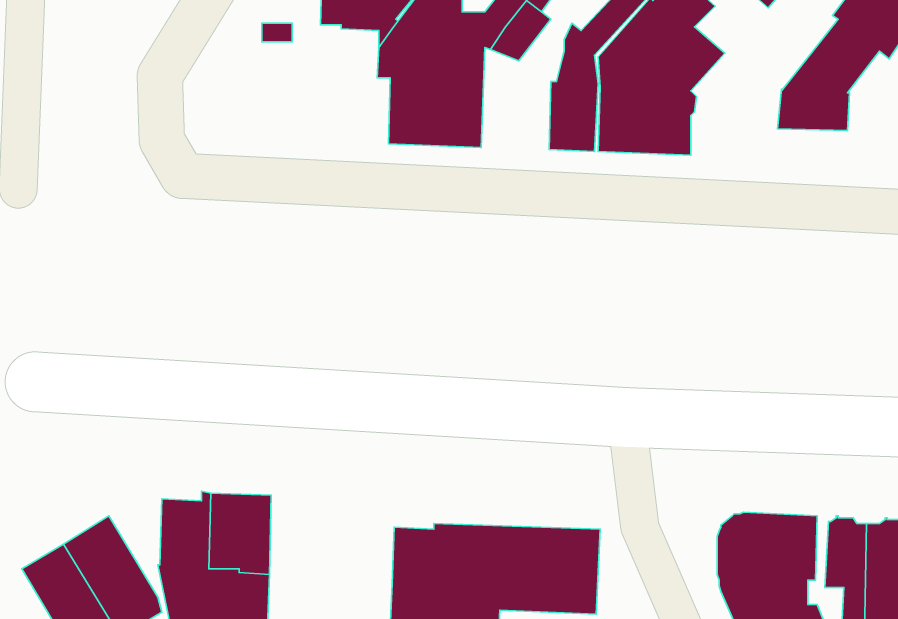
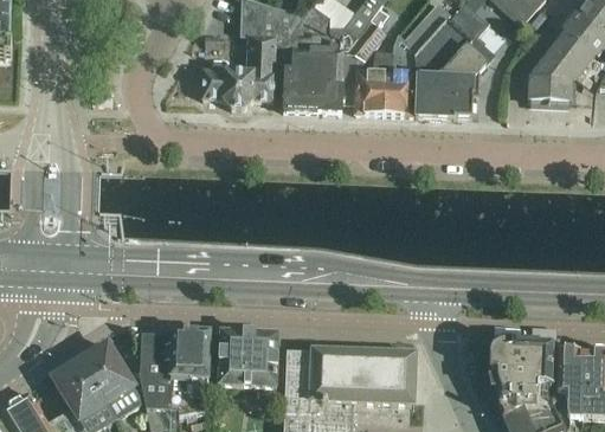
building: none -> [202,36,277,108]
building: none -> [355,51,393,114]
building: none -> [218,330,287,387]

